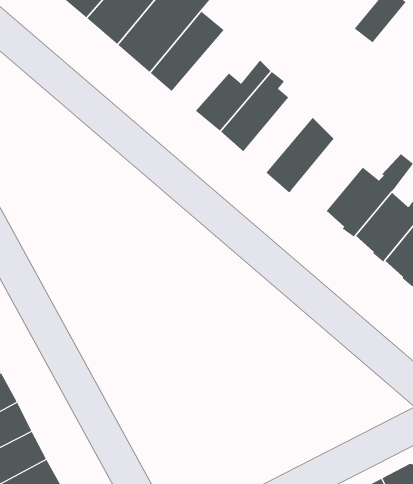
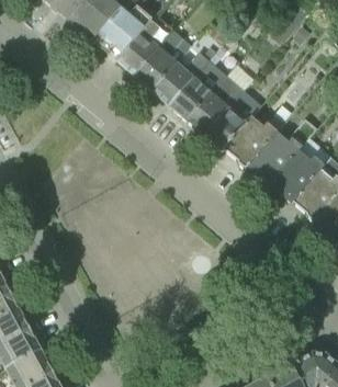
building: none -> [134,29,190,89]
building: none -> [188,78,239,135]
building: none -> [224,96,300,168]

